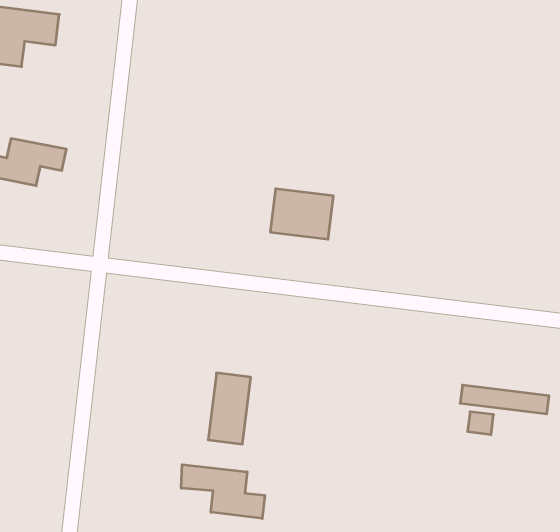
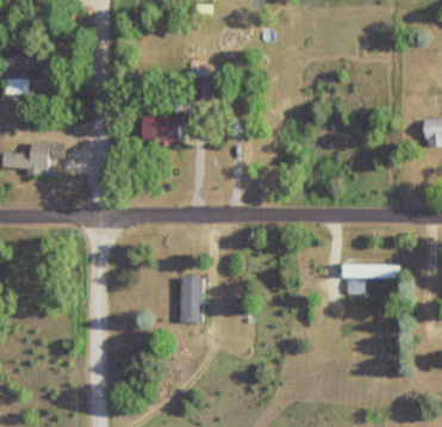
building: [270,189,333,239] -> [141,115,179,143]
building: [181,465,265,519] -> none

